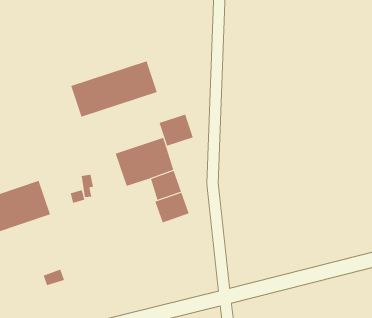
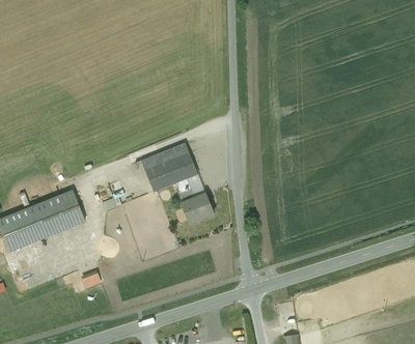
building: [70,60,157,118] -> none
building: [159,114,193,147] -> none

